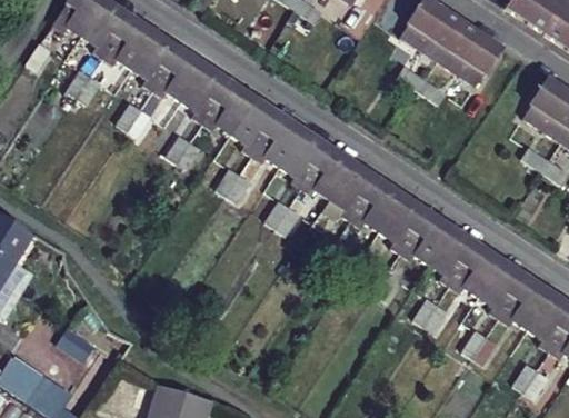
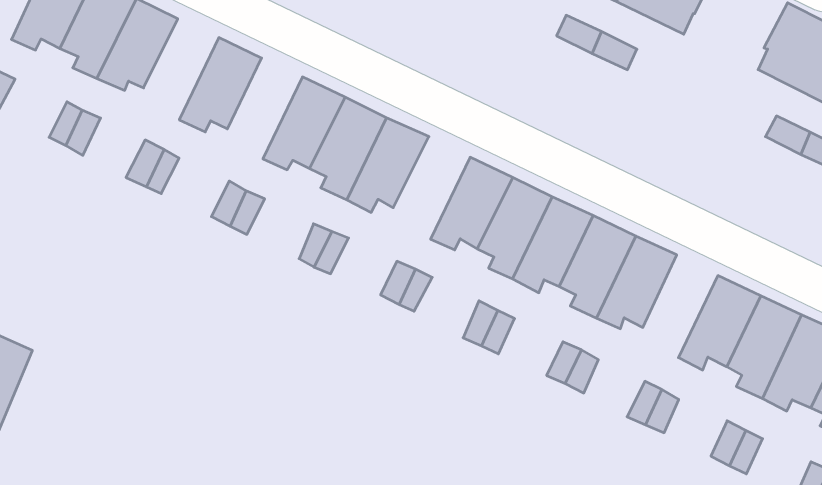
building: [128,32,180,97] -> none
building: [178,64,230,129] -> none
building: [277,129,330,195] -> none
building: [426,226,478,291] -> none

